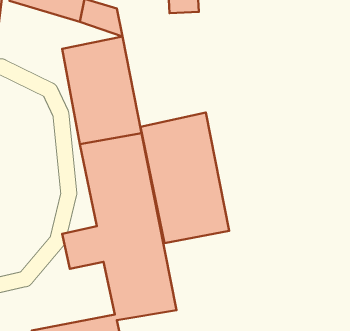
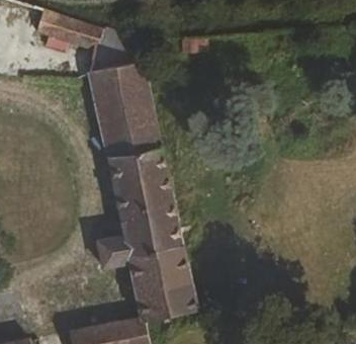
building: [140,113,229,243] -> none

